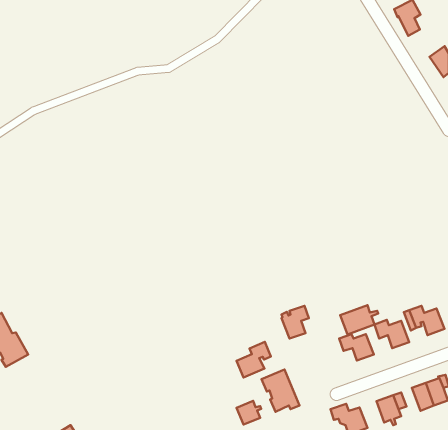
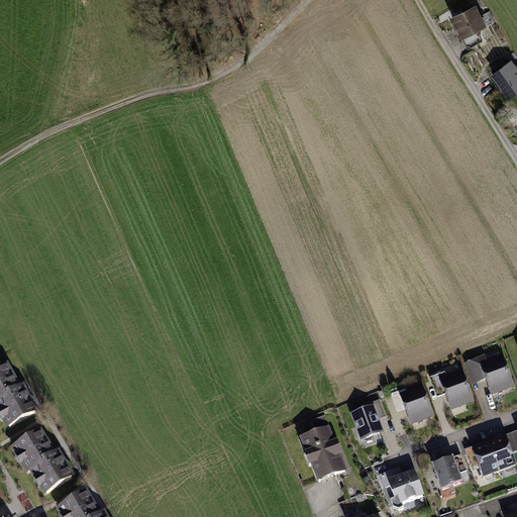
building: [340,305,378,334] -> none
building: [282,306,309,338] -> [353,399,385,436]
building: [237,342,271,378] -> none
building: none -> [14,430,72,492]
building: [236,401,261,425] -> none

